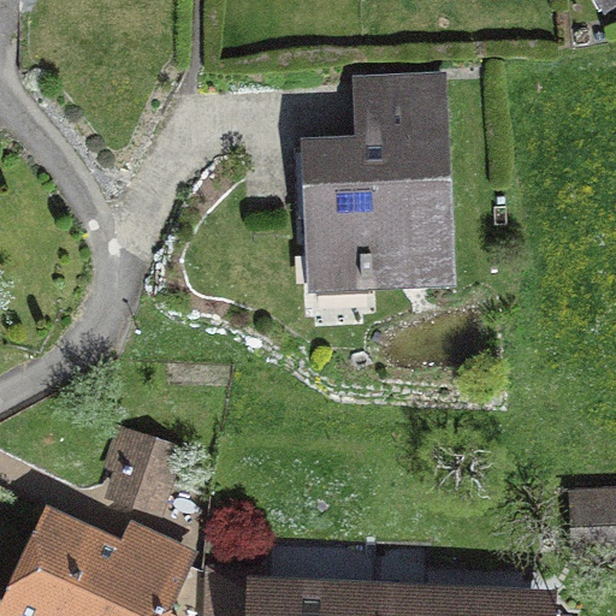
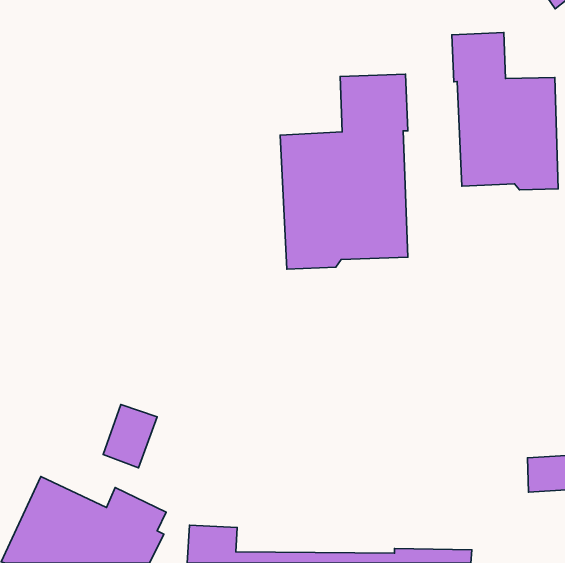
building: none -> [452,33,558,190]

